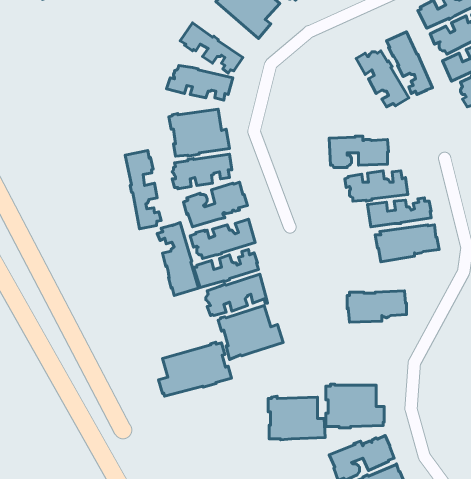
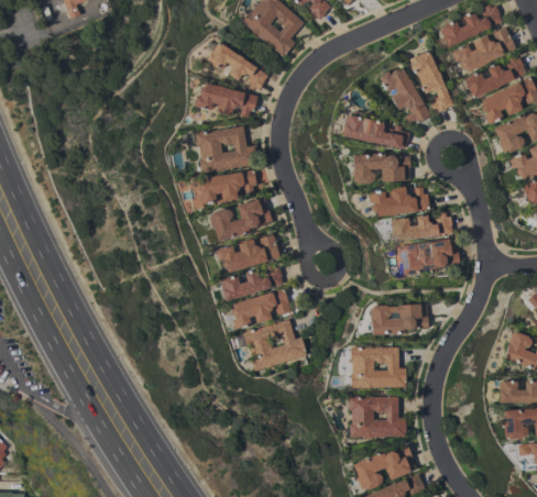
building: none -> [343,110,410,148]
building: [125,150,161,229] -> none
building: [157,223,199,295] -> none
building: [159,342,232,396] -> none
building: [268,396,325,440] -> [351,345,407,388]

